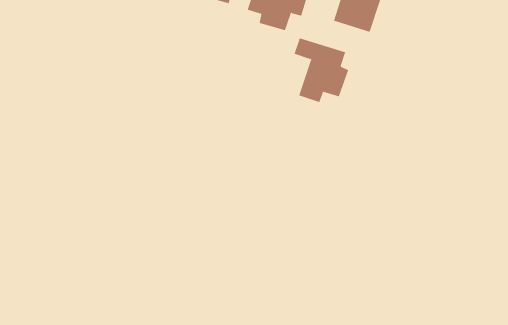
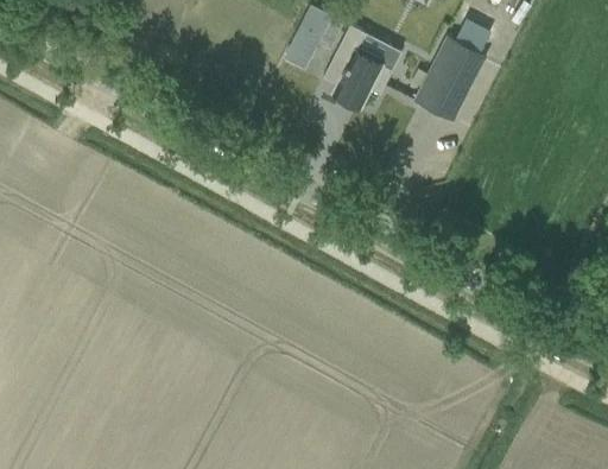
building: [294,37,349,103] -> none

